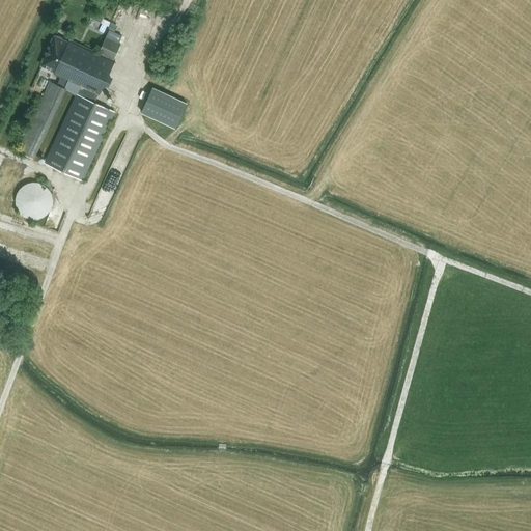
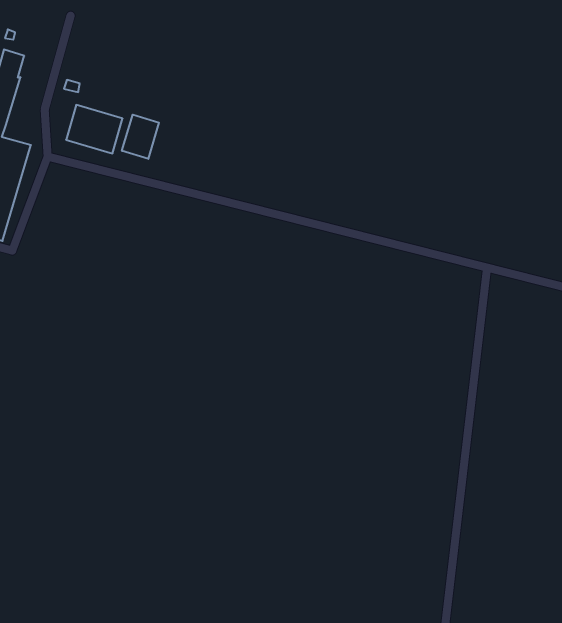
building: none -> [122,115,159,159]

